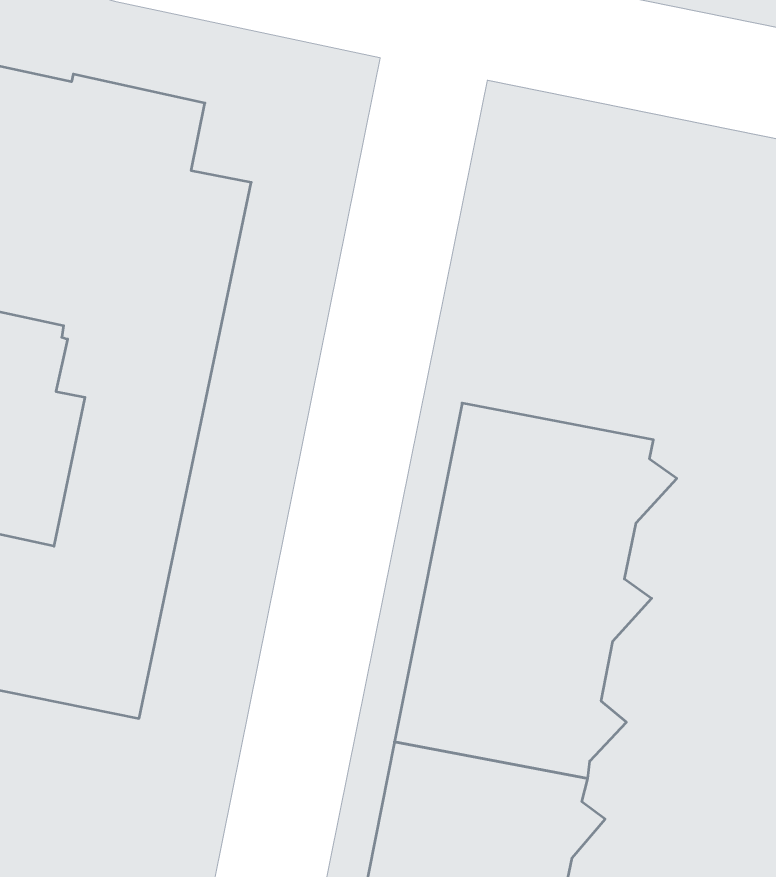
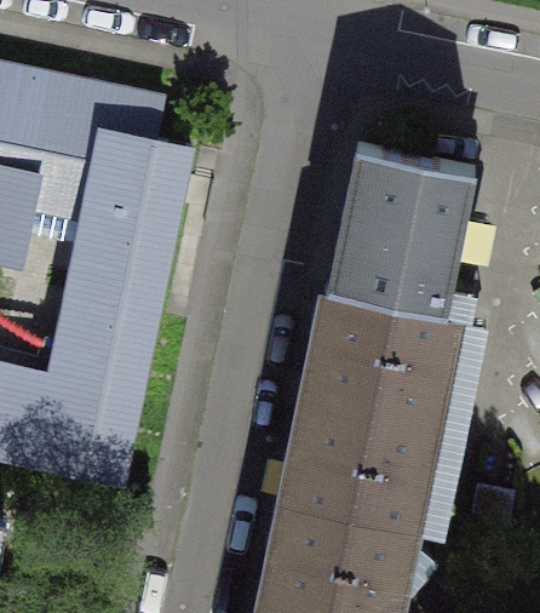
building: none -> [326,142,477,309]

